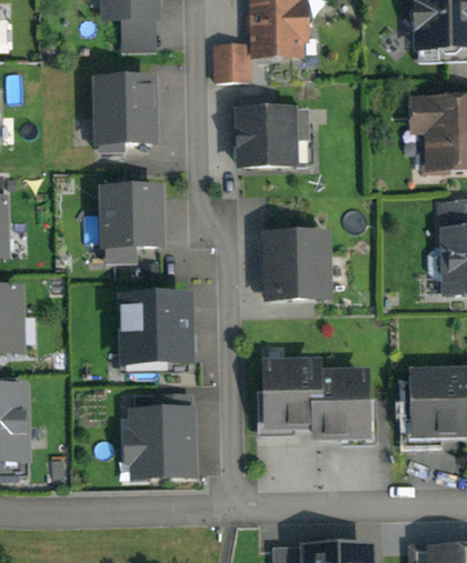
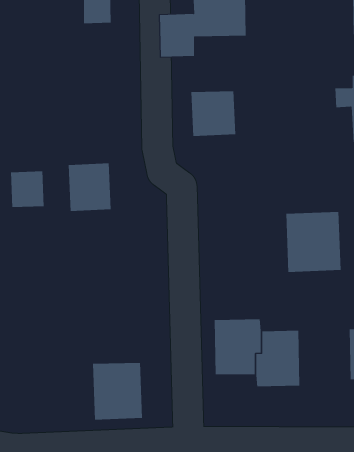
building: [103,83,151,141] -> none
building: none -> [10,170,44,208]
building: [265,237,326,303] -> [286,211,341,272]
building: [128,300,186,360] -> none

